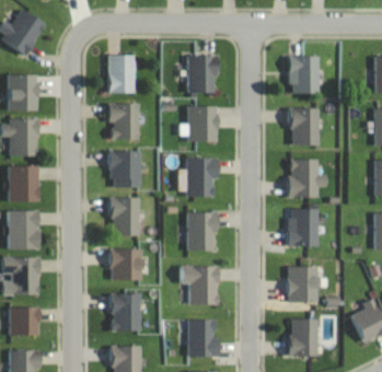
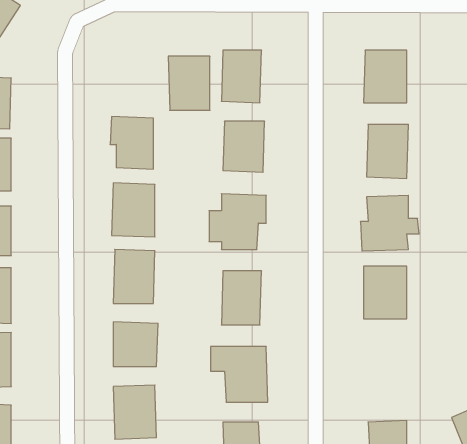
building: [106,55,136,93] -> [168,56,210,110]
building: [288,267,319,303] -> none

